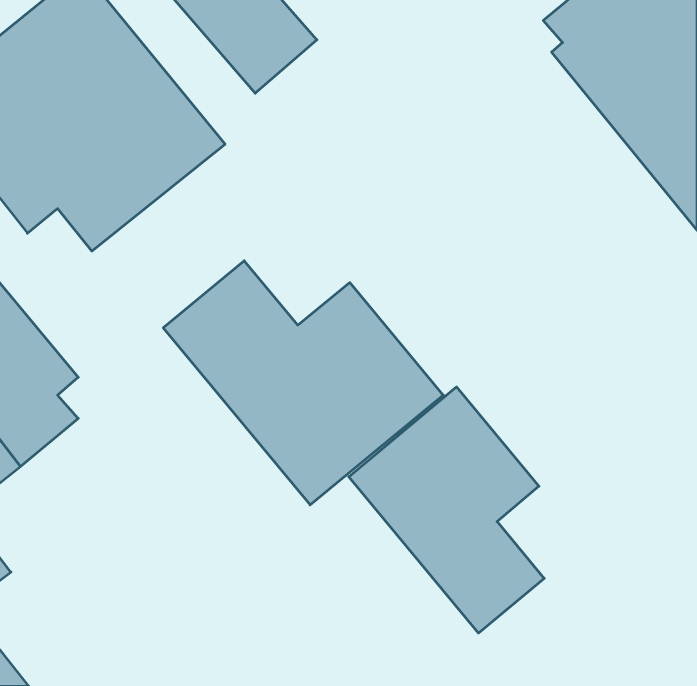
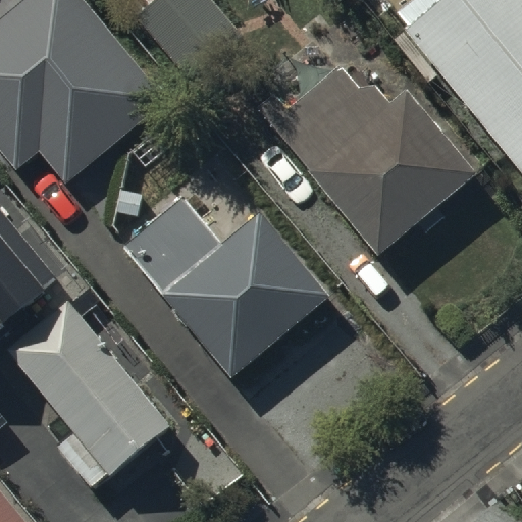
building: none -> [257,60,475,251]
building: [349,387,544,633] -> none
building: none -> [14,310,176,491]

